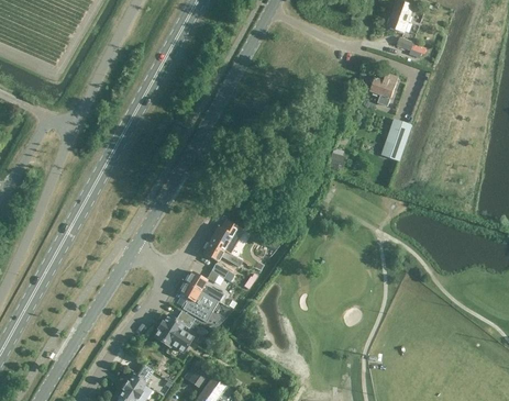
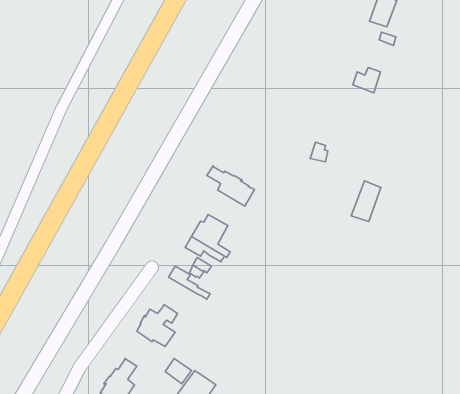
building: [380,119,410,159] -> [351,181,381,221]
building: none -> [207,166,254,206]
building: [178,282,213,322] -> none

